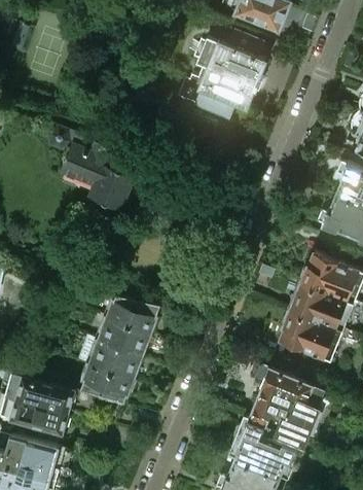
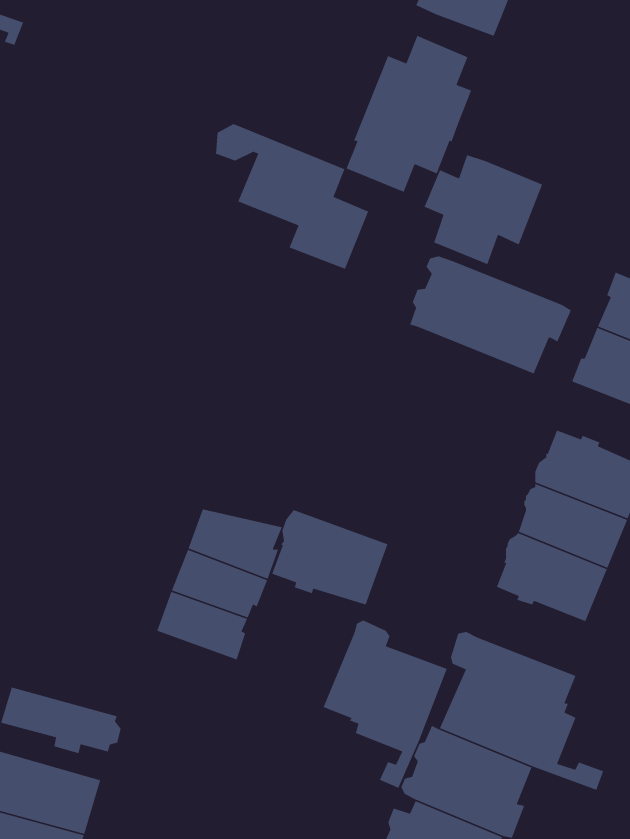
building: none -> [423,154,543,265]
building: [46,130,133,212] -> [215,123,369,270]
building: none -> [409,256,572,375]
building: none -> [271,509,389,606]
building: none -> [322,619,448,789]
building: [79,366,134,405] -> none
building: [7,374,75,414] -> none

